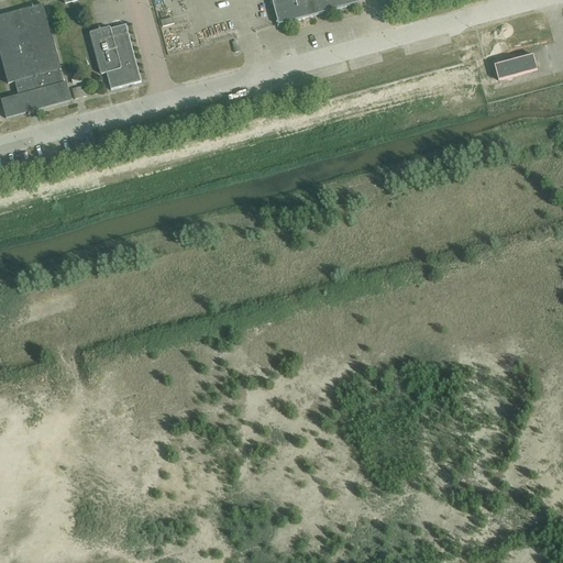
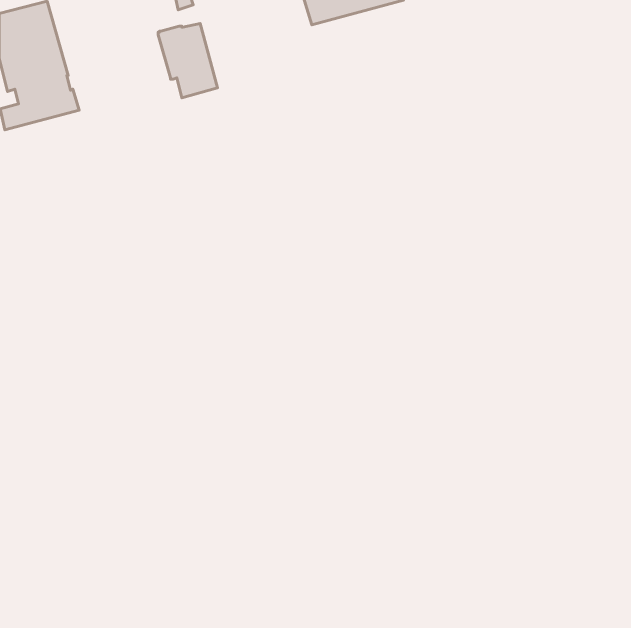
building: [88,22,141,88] -> [158,24,218,98]
building: [494,53,536,78] -> none

